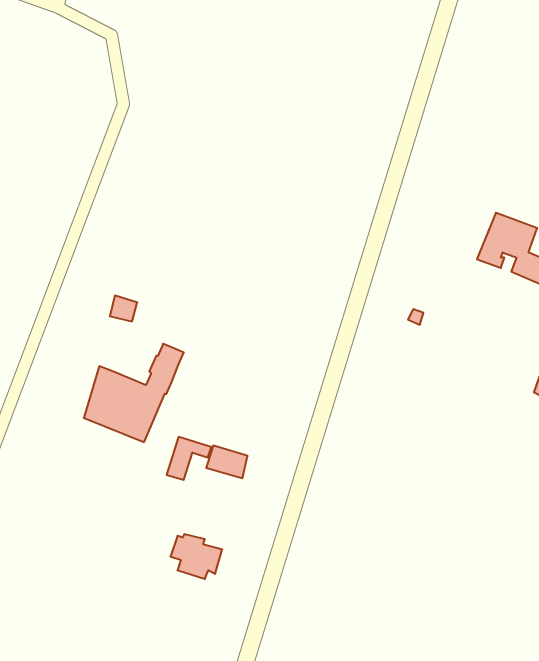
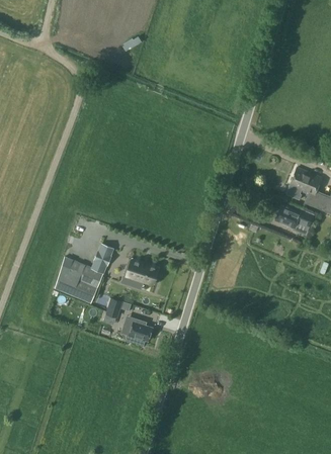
building: none -> [274,205,313,229]
building: none -> [121,261,157,285]
building: [170,534,222,579] -> [121,320,152,346]

